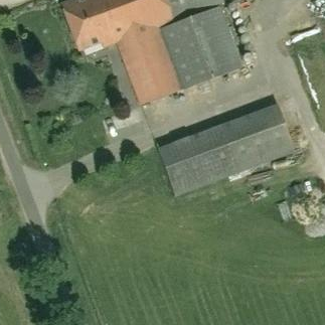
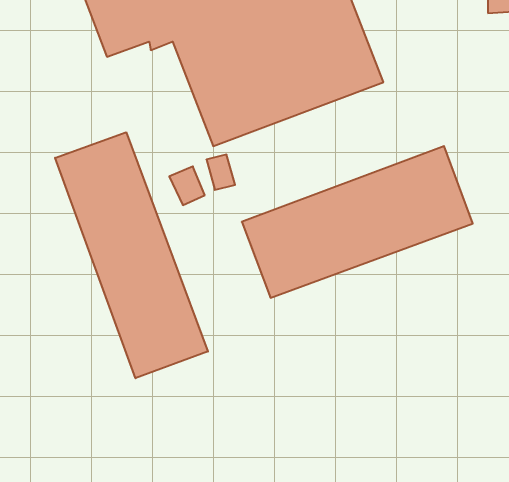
building: none -> [55,132,208,378]

